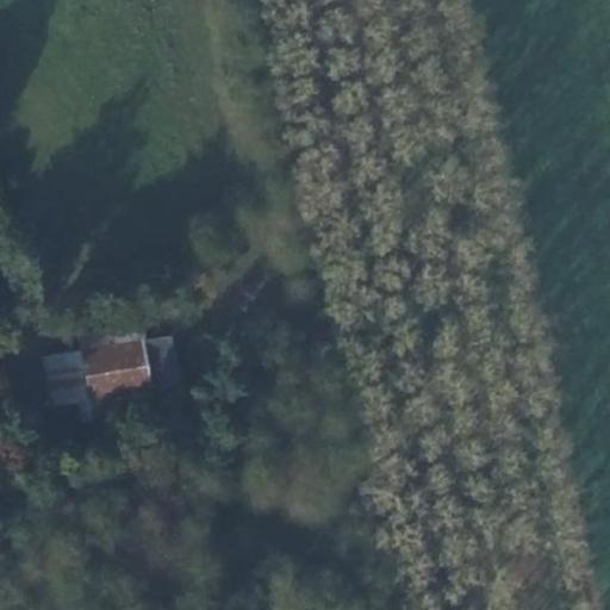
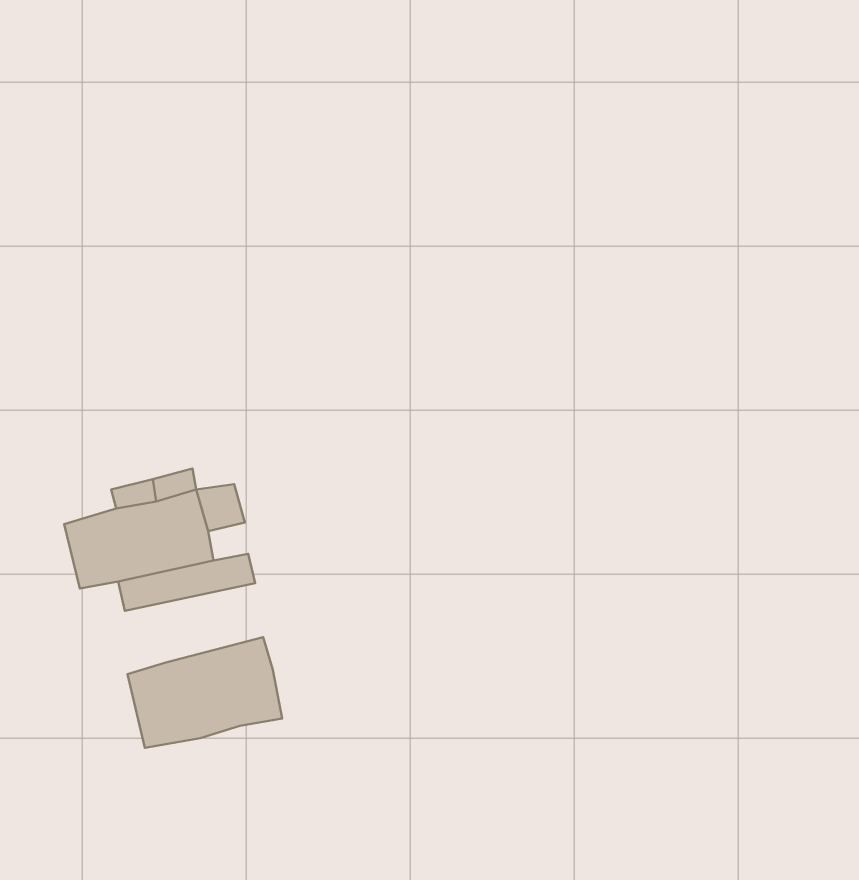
building: none -> [128,637,282,748]

